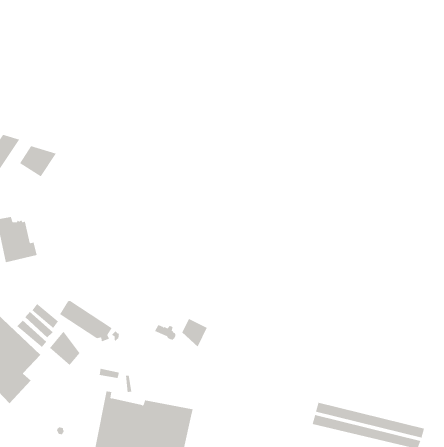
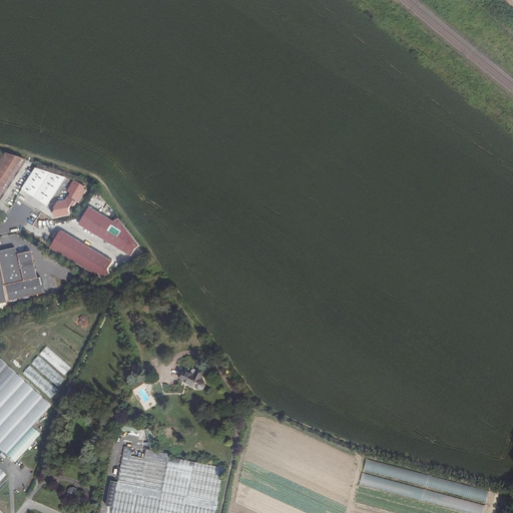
building: none -> [50,181,82,218]
building: none -> [76,204,136,254]
building: [59,300,113,342] -> [48,227,109,276]
building: [182,318,208,347] -> none
building: [49,331,80,366] -> none

